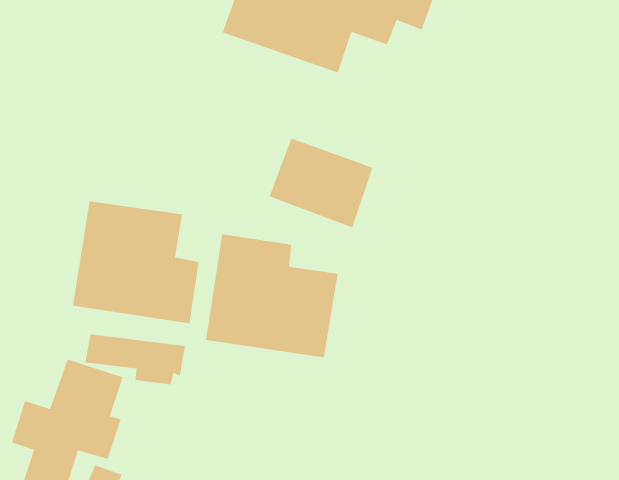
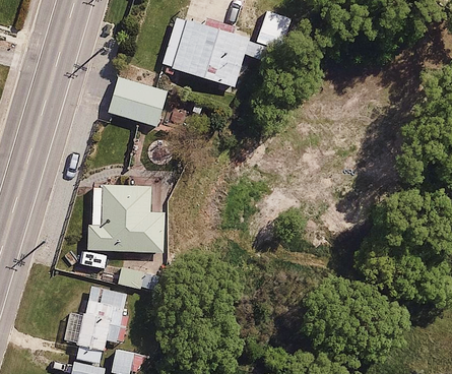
building: [269,138,373,228] -> [105,77,168,129]
building: [205,234,338,358] -> none

